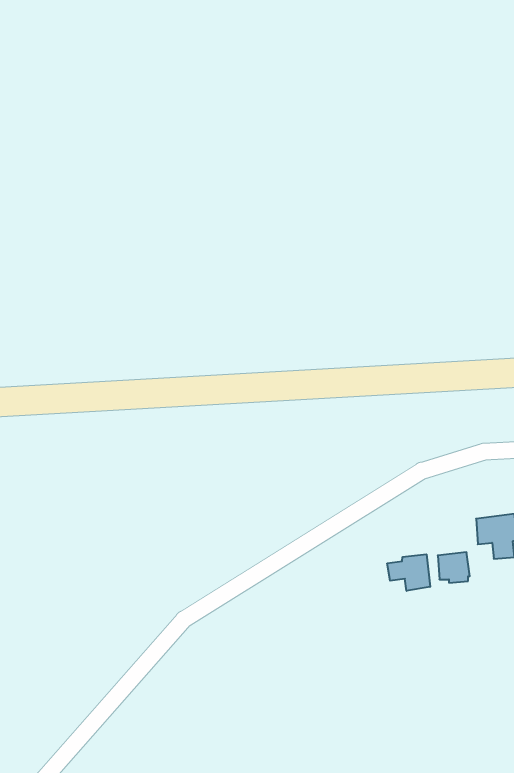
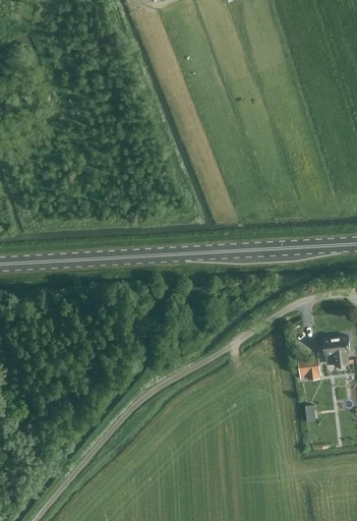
building: [387,554,430,591] -> none

